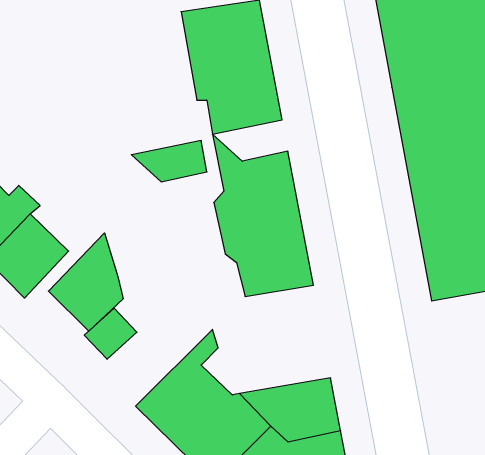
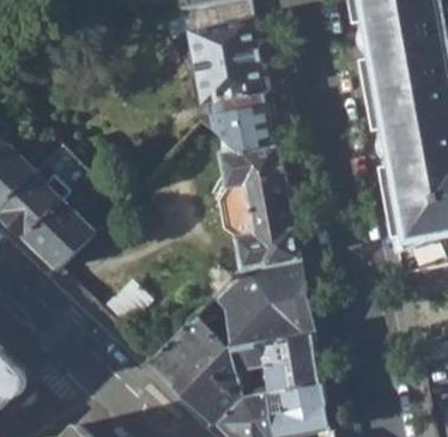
building: [131,141,207,182] -> [213,120,277,154]
building: [48,233,123,331] -> none
building: none -> [223,259,313,350]

